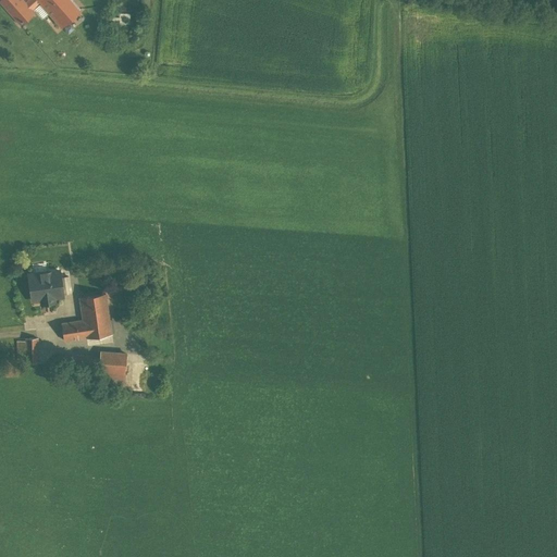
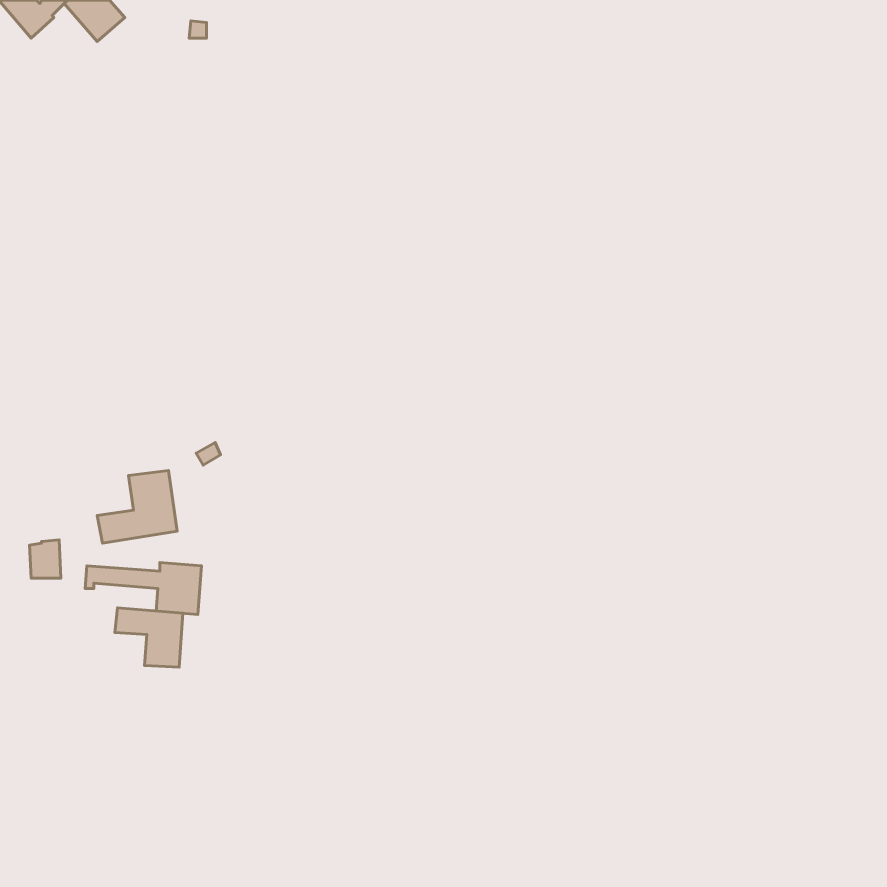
building: [29,271,63,302] -> none
building: none -> [115,608,183,667]

